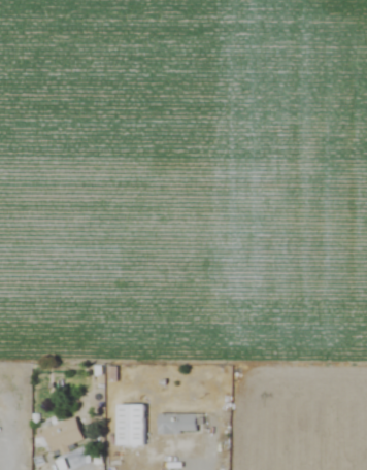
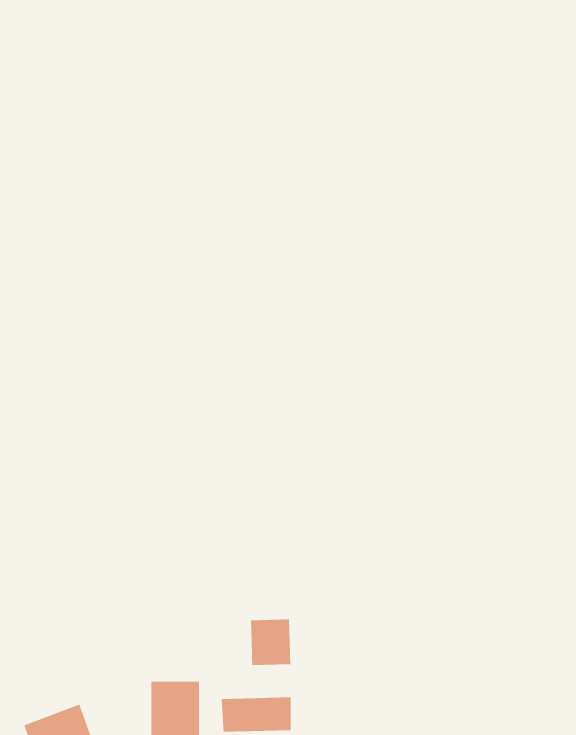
building: none -> [251,618,291,666]

